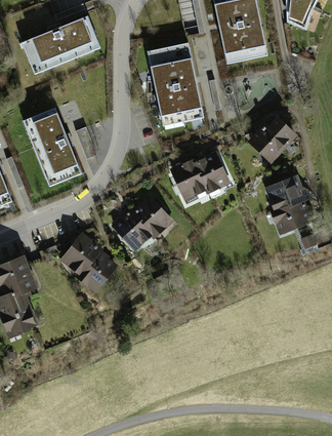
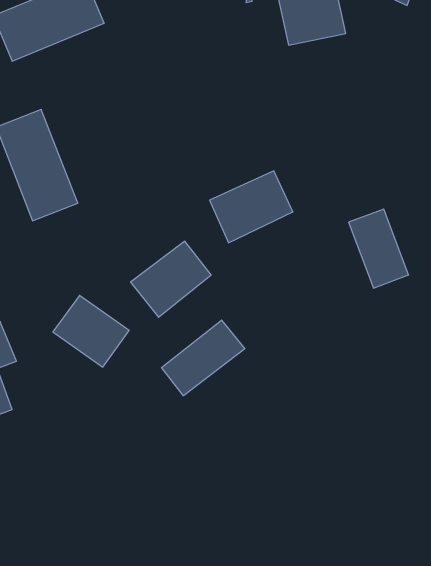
building: [147,41,203,124] -> none
building: [247,117,290,159] -> none
building: none -> [162,320,245,396]

